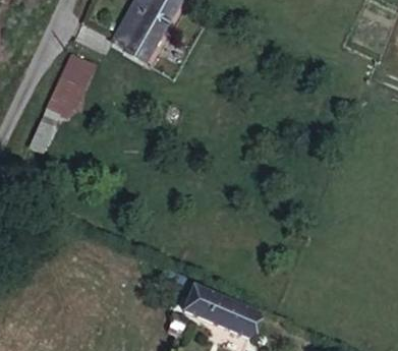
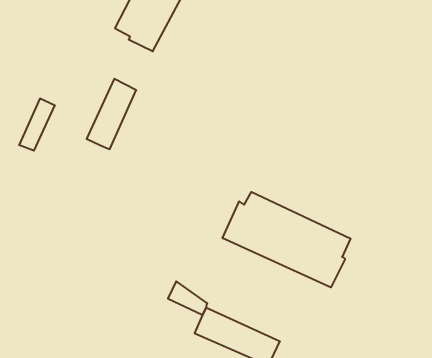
building: [48,51,92,113] -> [87,79,136,149]
building: none -> [223,192,350,287]

